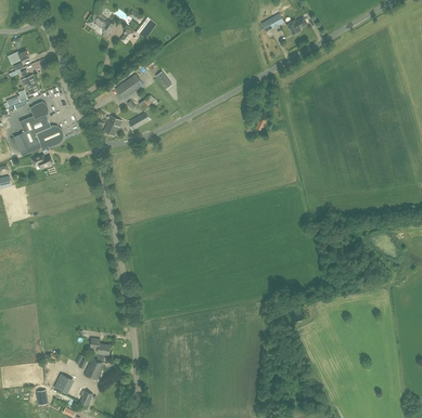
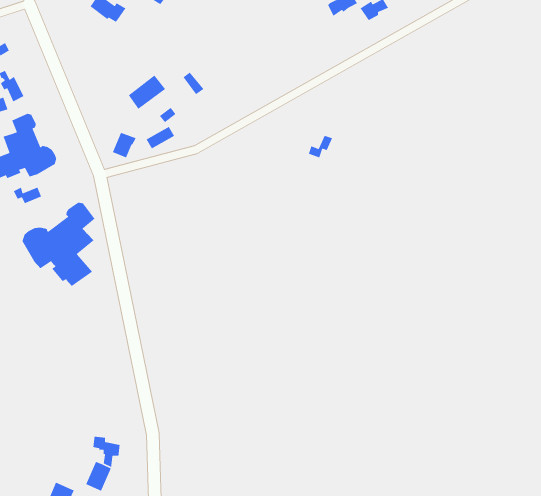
building: none -> [22,202,96,287]

